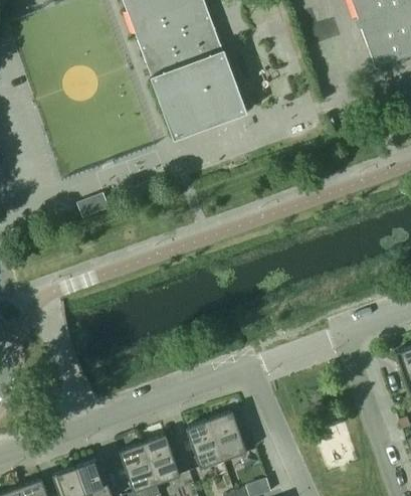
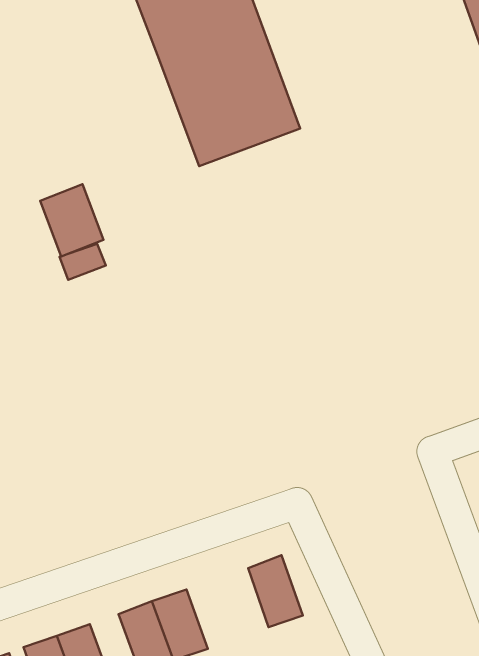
building: none -> [40,184,103,256]
building: [186,420,224,469] -> none

